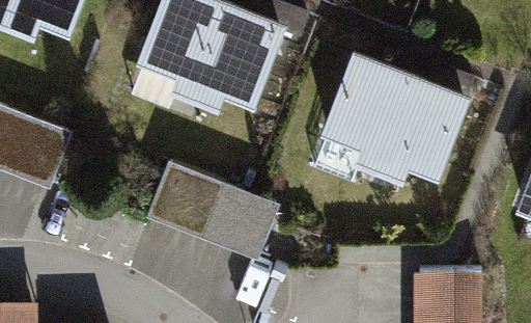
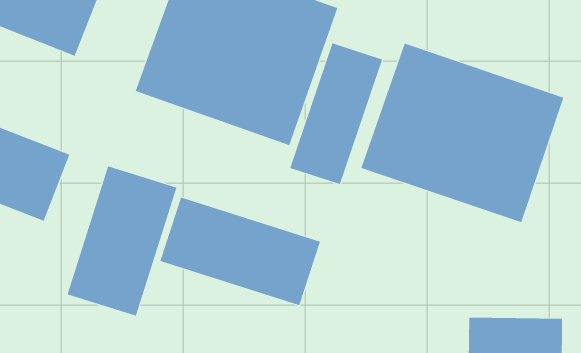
building: none -> [290,42,383,185]
building: none -> [67,166,177,316]

